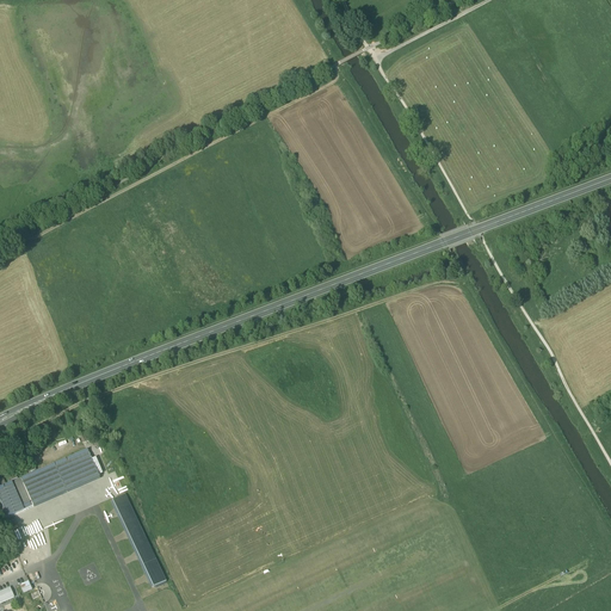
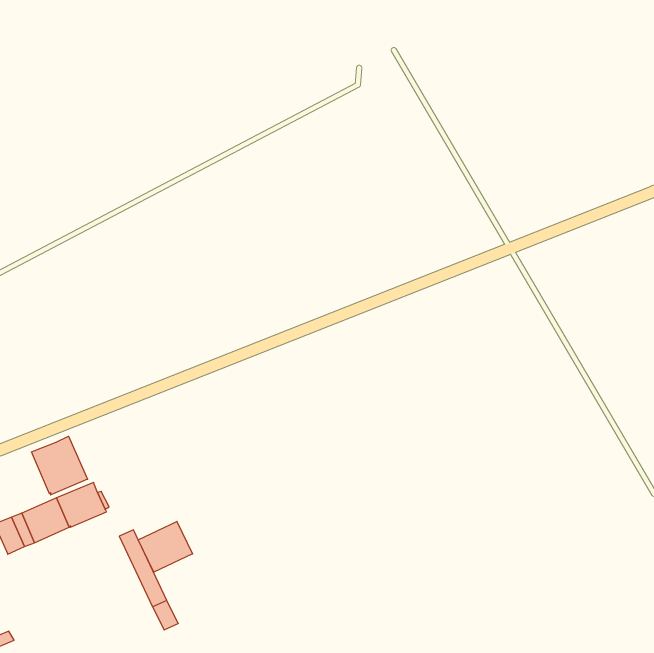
building: none -> [32,436,88,495]
building: none -> [138,521,193,572]

